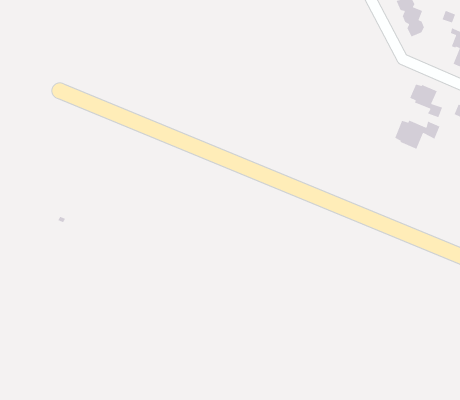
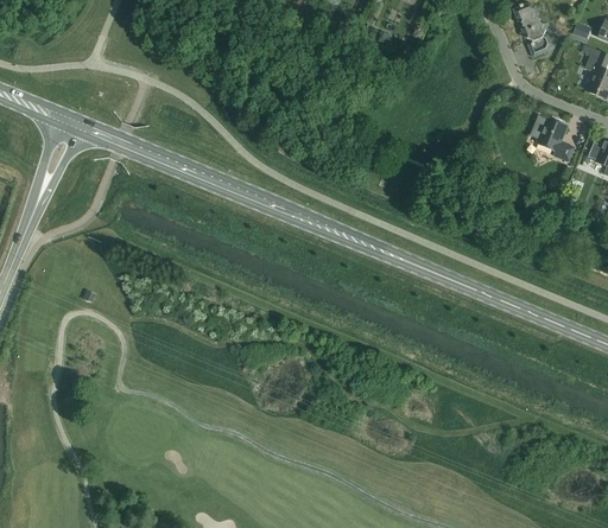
building: [394,120,440,150] -> none

